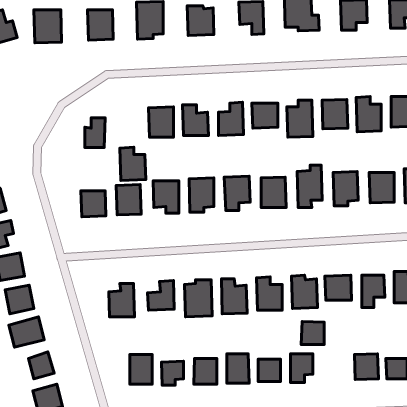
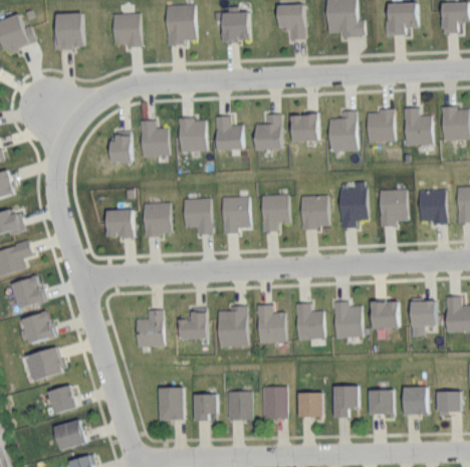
building: [120,147,146,181] -> [141,120,169,156]
building: [301,321,324,344] -> [369,390,394,415]

